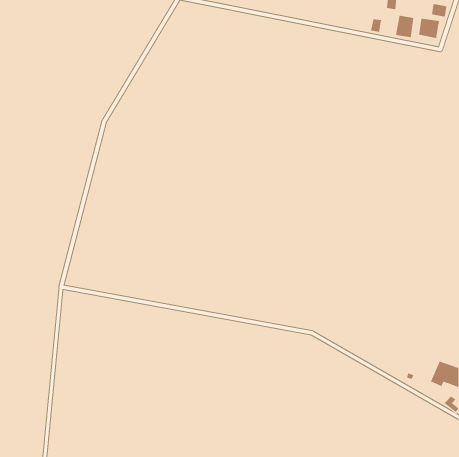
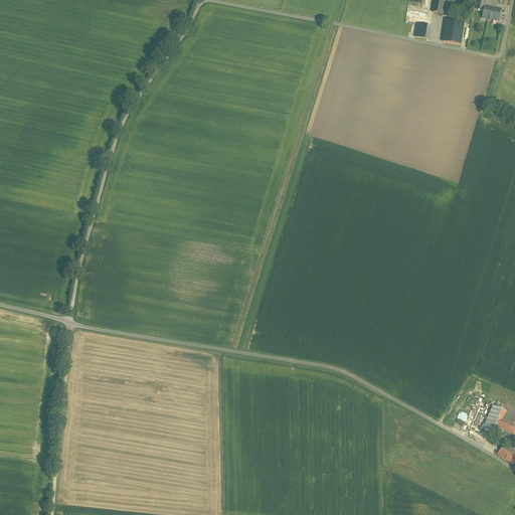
building: [418,18,439,39] -> none

